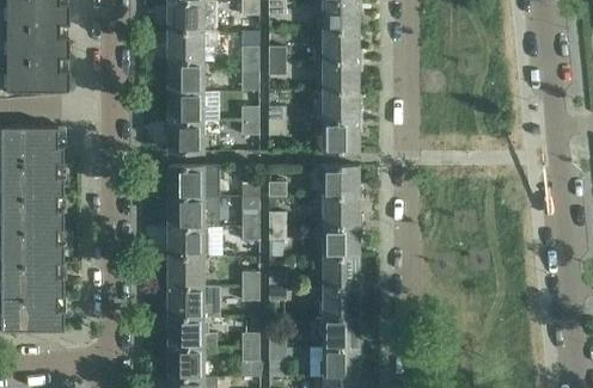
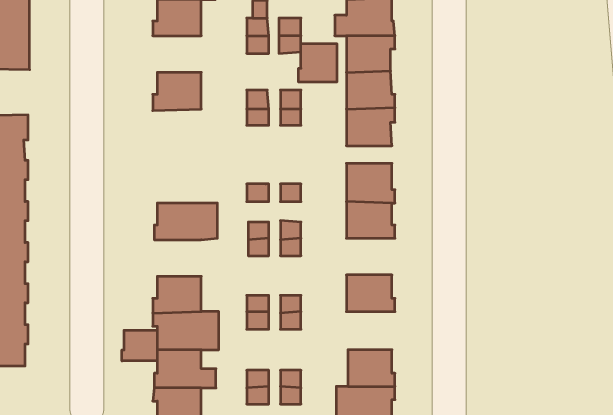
building: [164,62,203,92] -> none
building: none -> [299,44,337,82]
building: [164,122,203,152] -> none
building: [164,166,203,198] -> none
building: [322,227,361,257] -> none
building: [165,228,203,258] -> none
building: [322,287,361,318] -> none
building: none -> [122,330,157,361]

